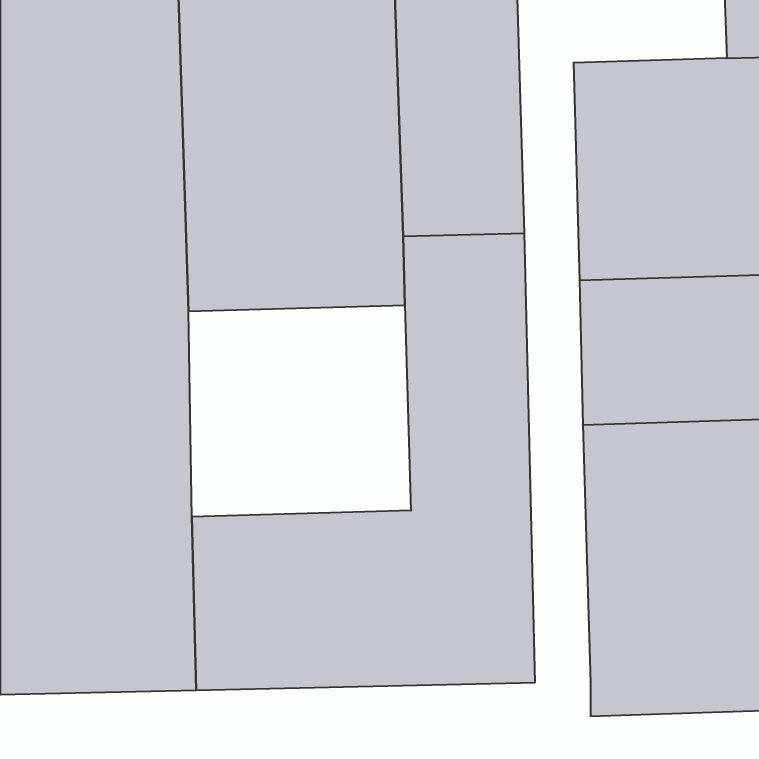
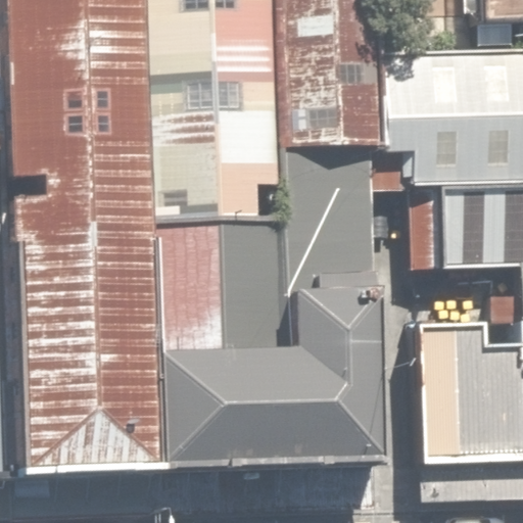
building: none -> [142,203,290,344]

